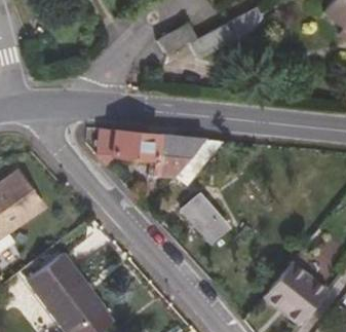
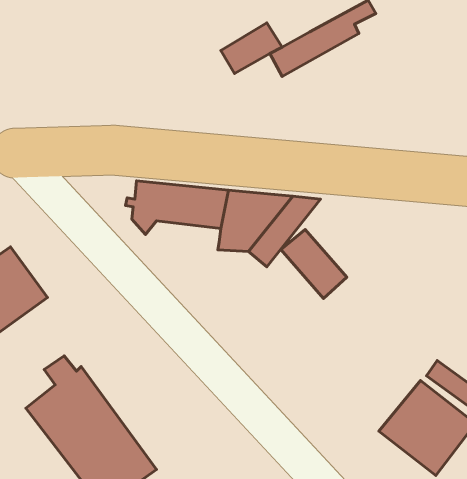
building: [183,197,227,244] -> [281,230,347,299]

